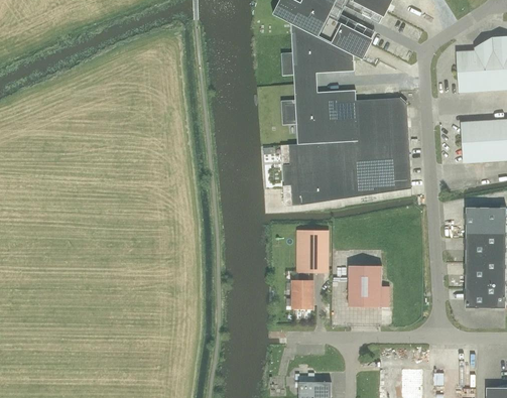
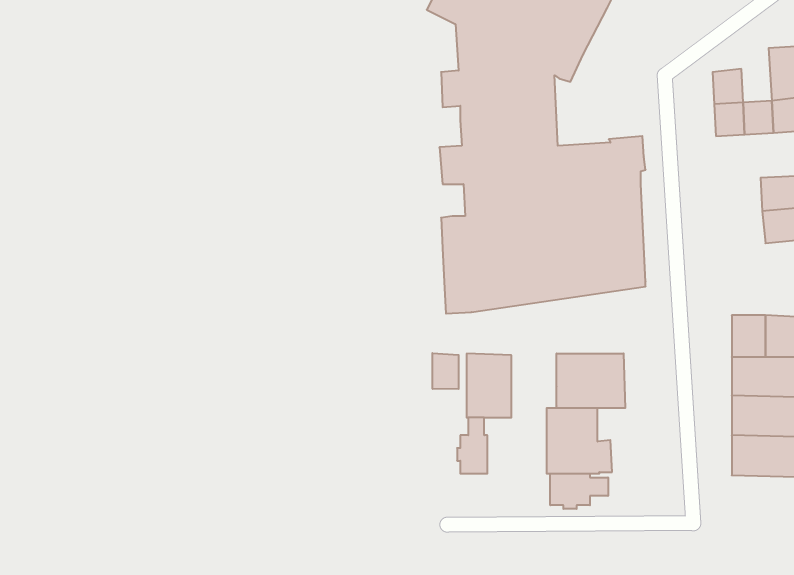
building: [472,38,491,73] -> none
building: [461,120,487,162] -> none
building: none -> [432,353,459,389]
building: none -> [557,353,625,408]
building: none -> [550,474,608,509]

